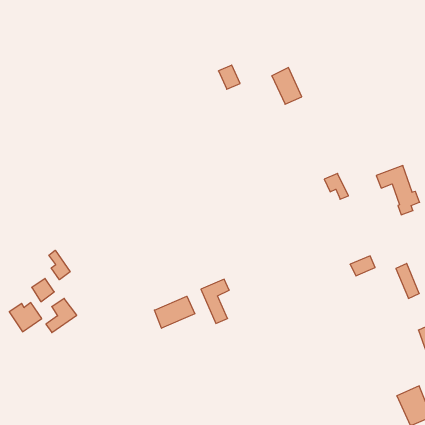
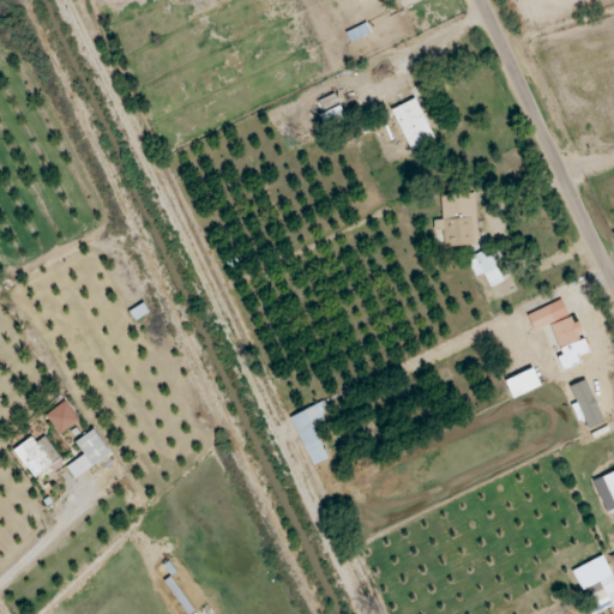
building: none -> [443,193,478,246]
building: [376,166,420,215] -> [528,299,590,369]
building: [49,250,70,280] -> none
building: [154,296,195,328] -> none

